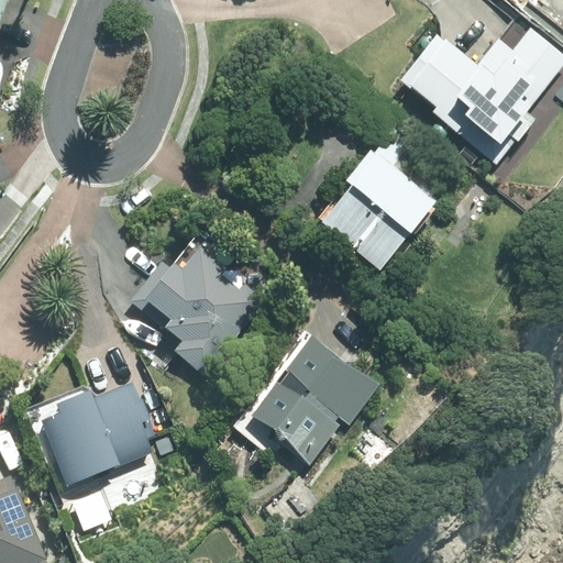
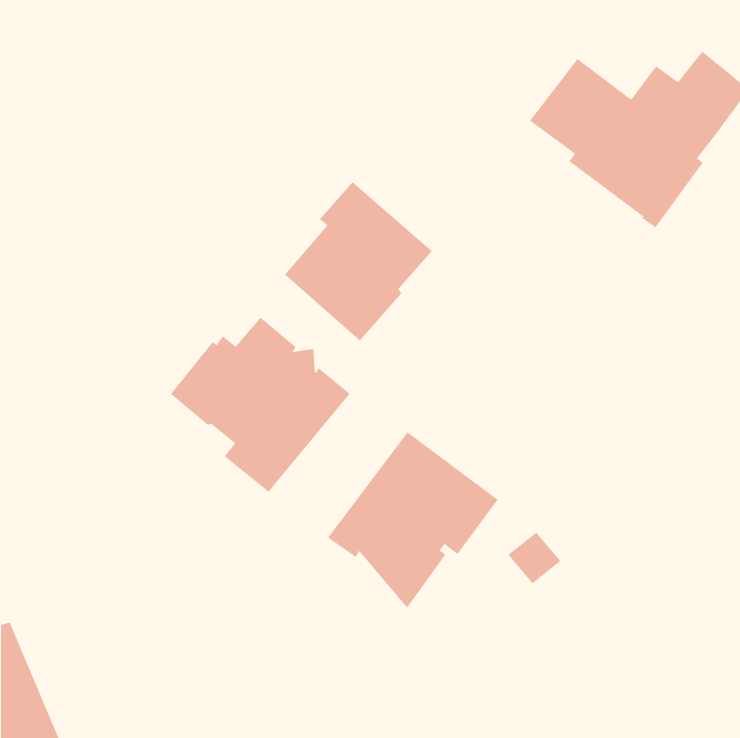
building: [320,146,432,267] -> [284,181,433,341]
building: [38,383,153,484] -> none

